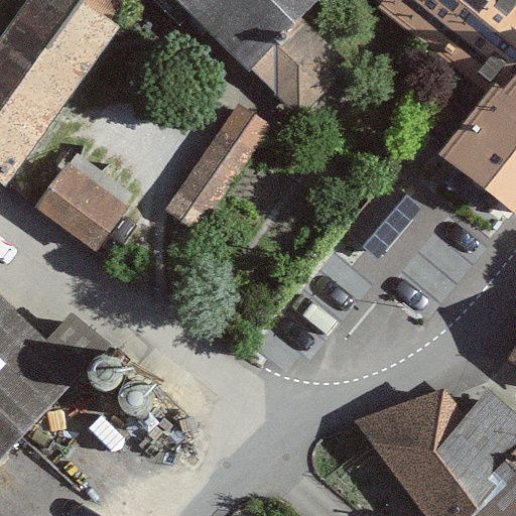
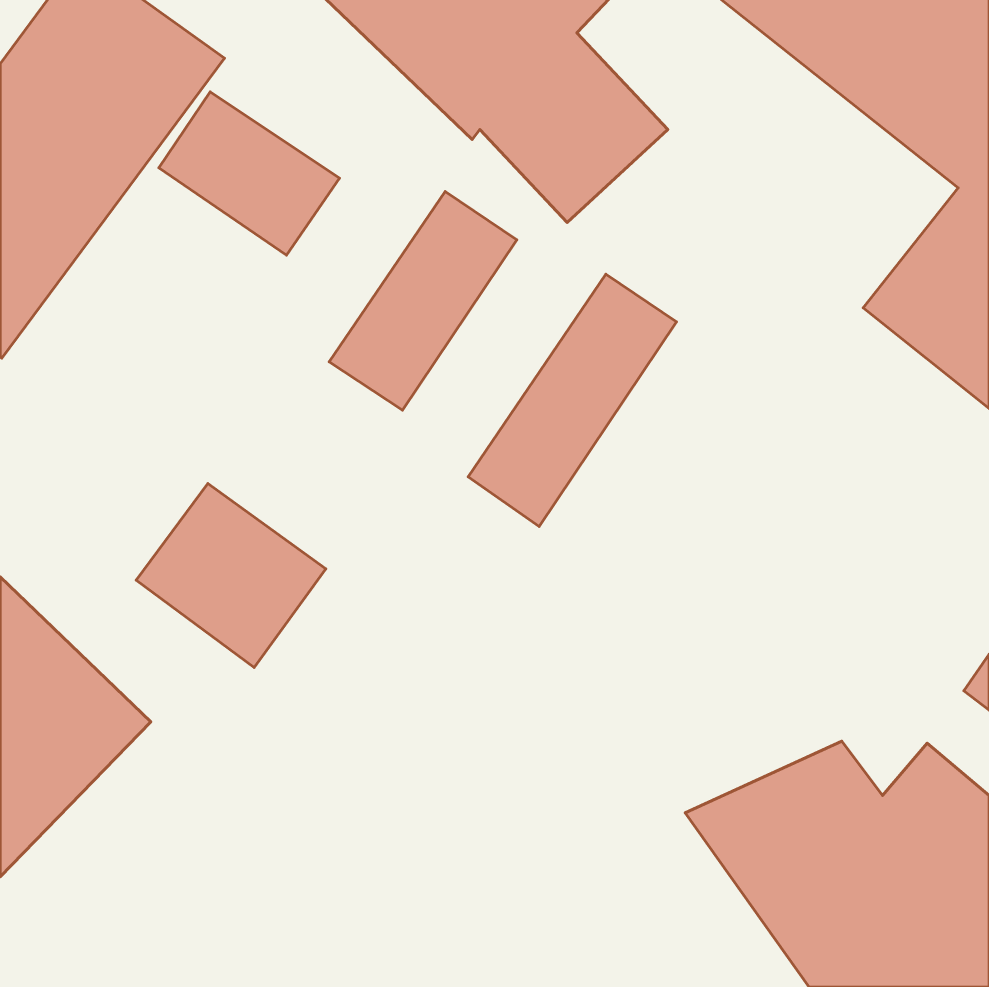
building: none -> [159,92,339,255]
building: none -> [468,274,677,527]
building: [32,159,131,255] -> [136,484,326,667]

